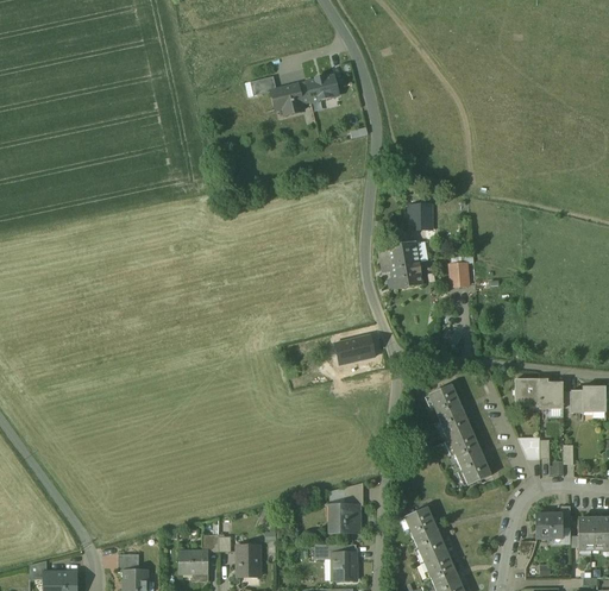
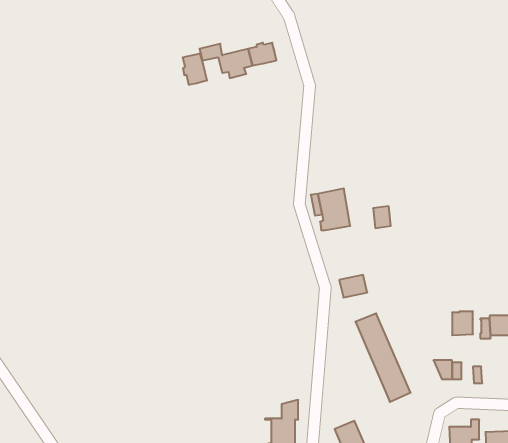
building: none -> [183,53,207,85]
building: [408,205,431,230] -> none
building: [341,337,373,363] -> [339,275,367,298]
building: [515,378,539,405] -> none

